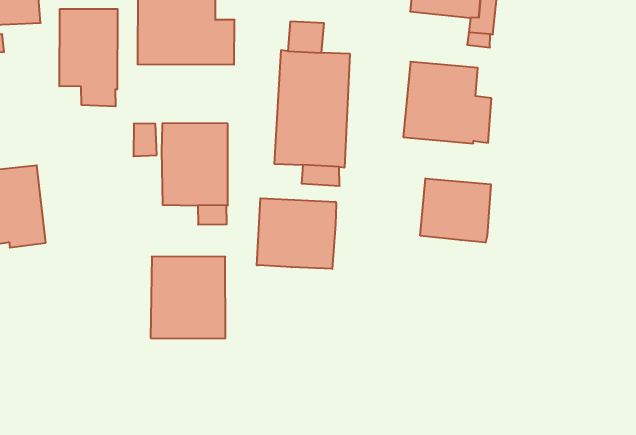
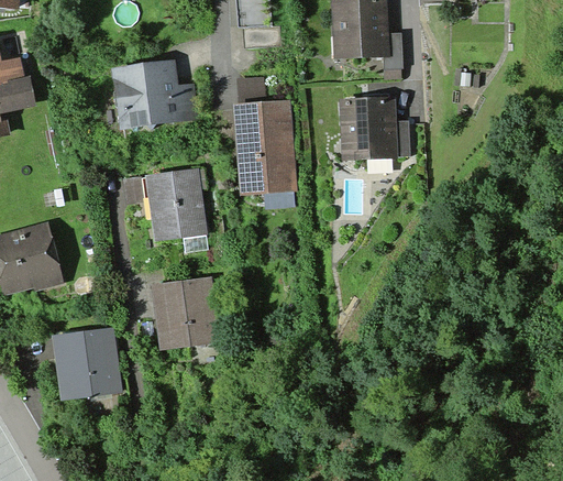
building: [59,9,118,106] -> none
building: [420,178,491,243] -> none
building: [257,198,336,269] -> none
building: none -> [51,326,122,400]

